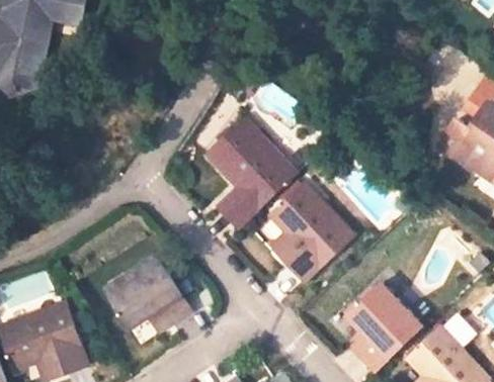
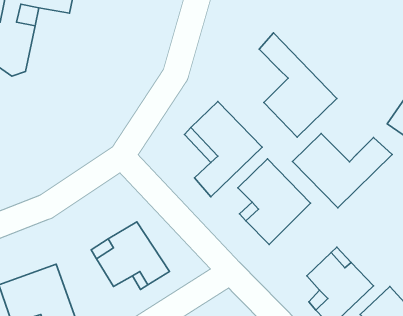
building: none -> [259,33,337,137]
building: none -> [292,134,392,208]

